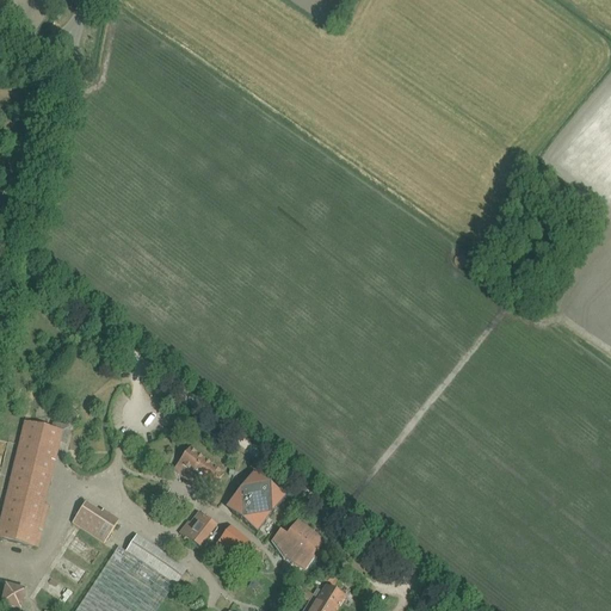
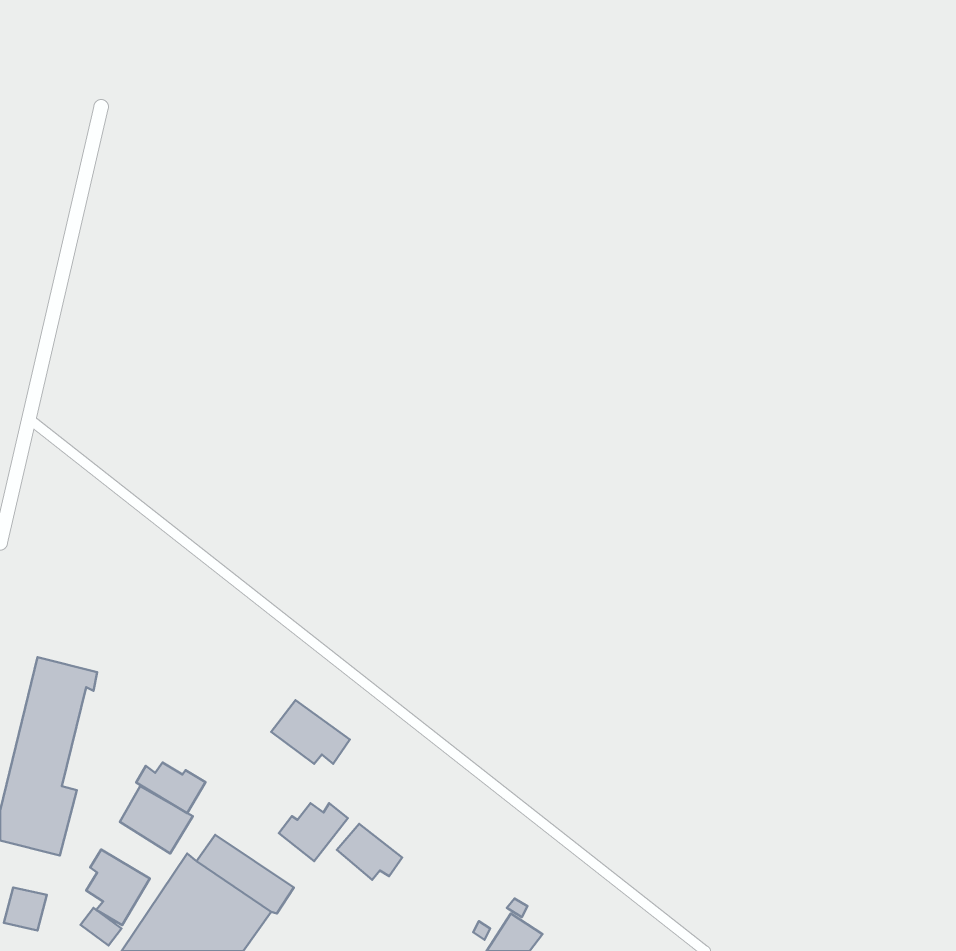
building: [232,470,285,530] -> none
building: none -> [136,762,205,813]
building: [271,520,322,567] -> none
building: none -> [86,850,150,925]

